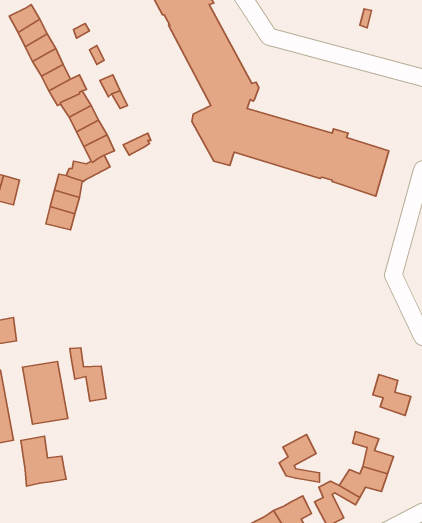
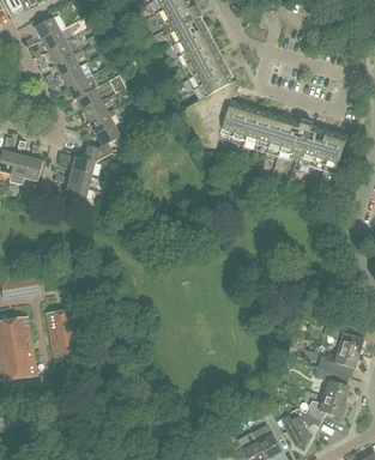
building: [70,348,106,401] -> none
building: none -> [322,346,358,373]
building: [279,435,319,482] -> none
building: [21,436,66,486] -> none

